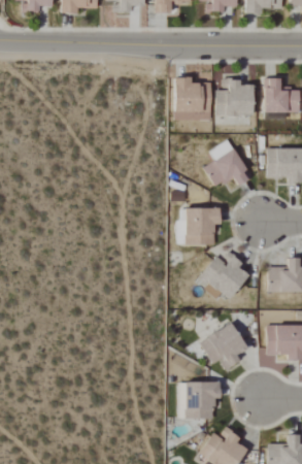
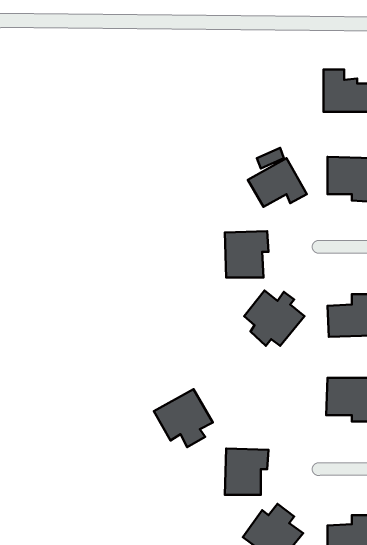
building: [173,76,211,120] -> none
building: [215,77,253,115] -> none
building: [199,323,246,369] -> [154,389,213,447]

